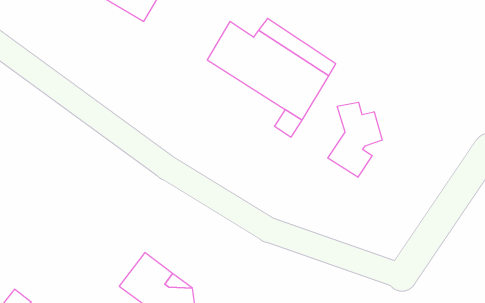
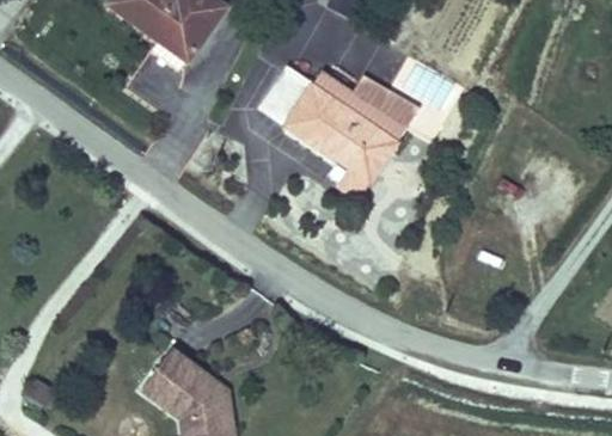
building: [328,102,382,177] -> none

